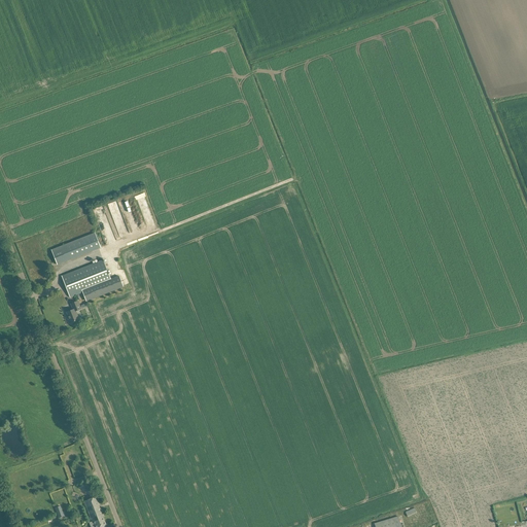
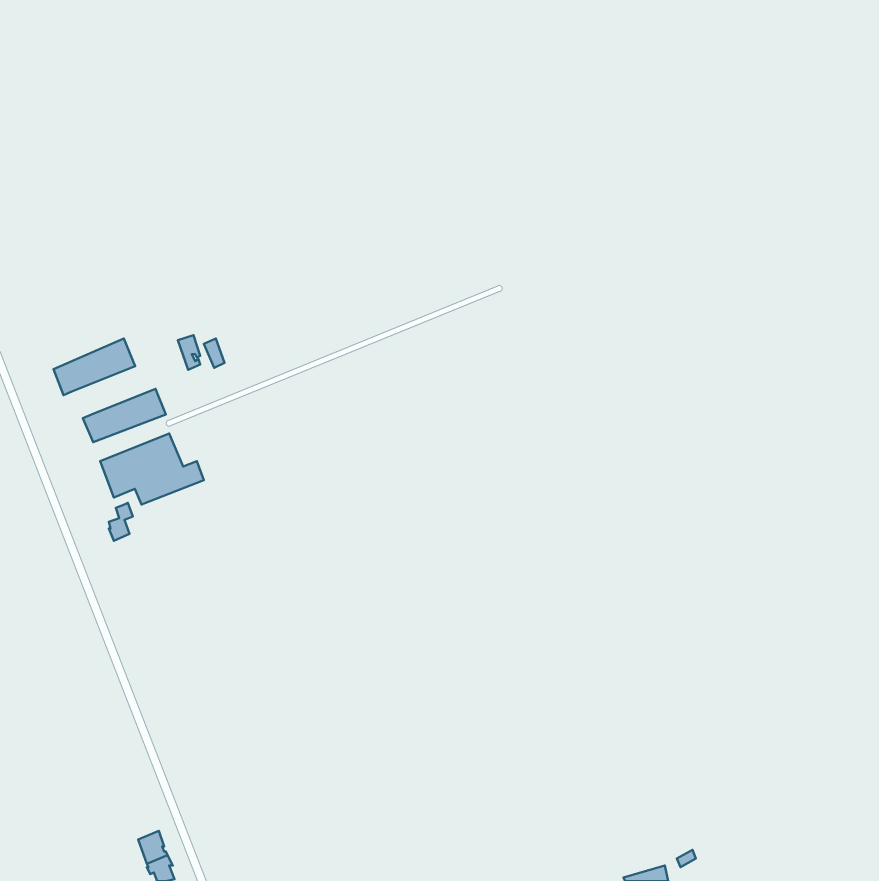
building: none -> [53,339,135,395]

